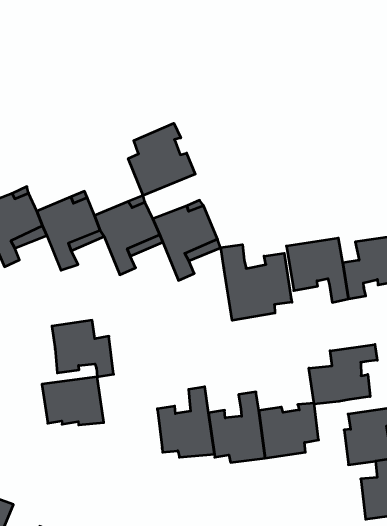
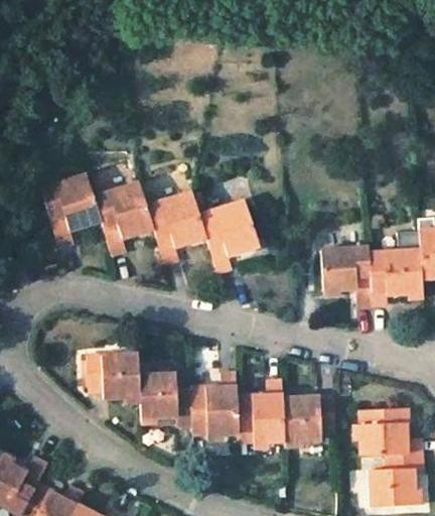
building: [128,123,195,196] -> none
building: [221,245,292,320] -> none
building: [52,320,114,377] -> [137,373,189,425]
building: [309,344,377,404] -> none

